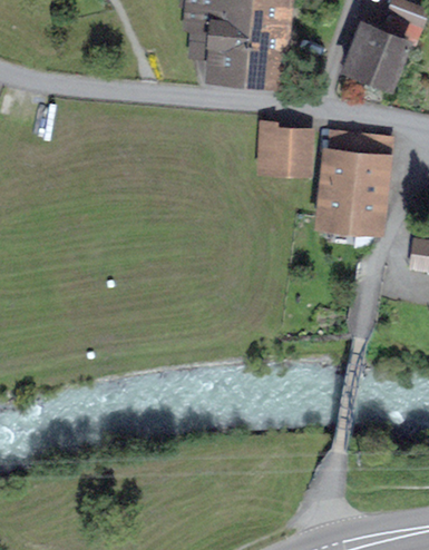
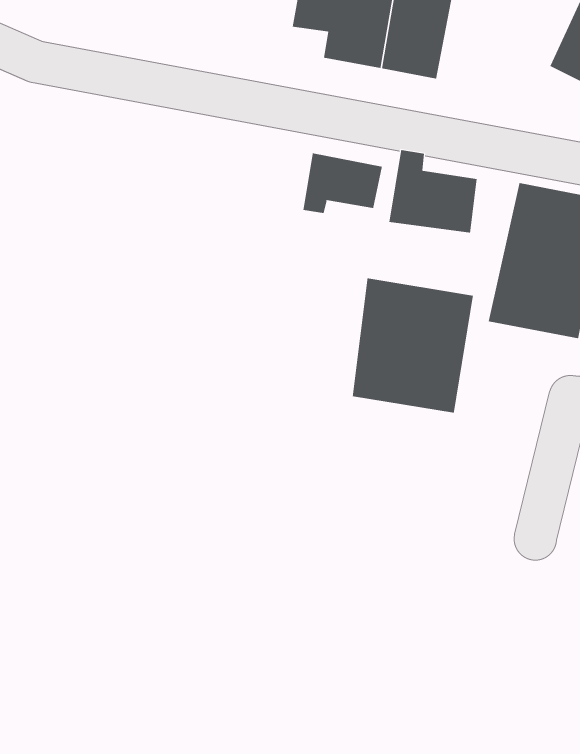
building: none -> [303,153,383,214]
building: none -> [352,277,473,414]

